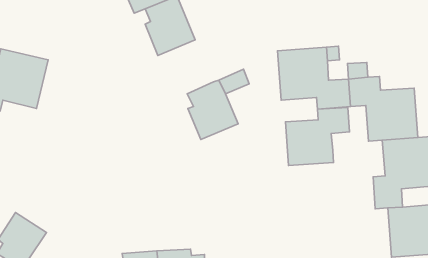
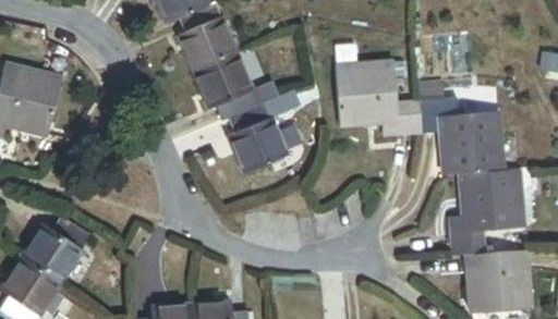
building: none -> [192,53,258,120]
building: [285,108,350,166] -> none
building: none -> [22,217,89,283]

